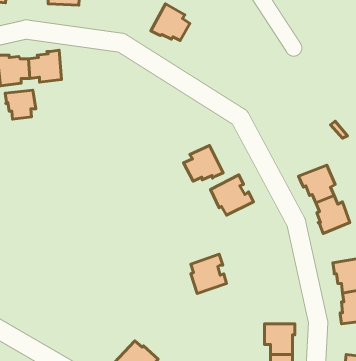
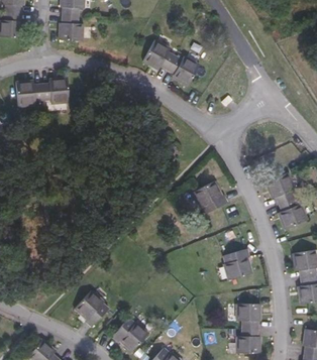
building: none -> [167,55,200,87]
building: [5,90,36,119] -> none
building: [184,145,223,181] -> none
building: [191,254,226,293] -> [223,248,252,280]
building: none -> [74,289,108,327]

